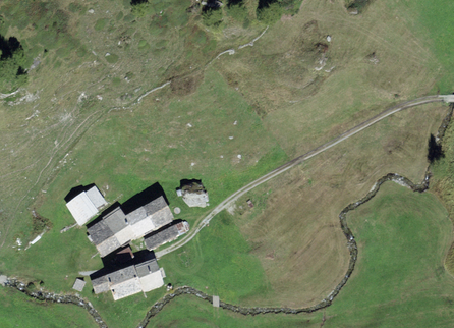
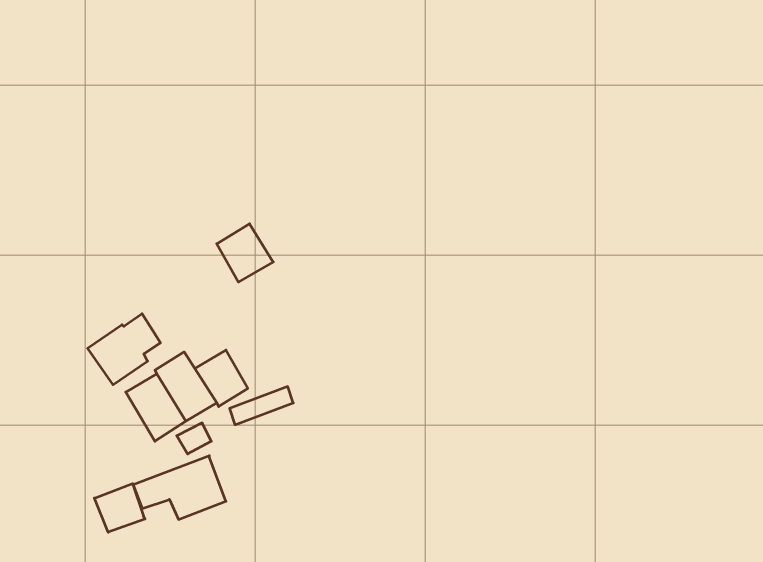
building: [143,194,174,226] -> [217,224,273,282]
building: [133,257,165,291] -> none
building: none -> [94,484,145,532]

